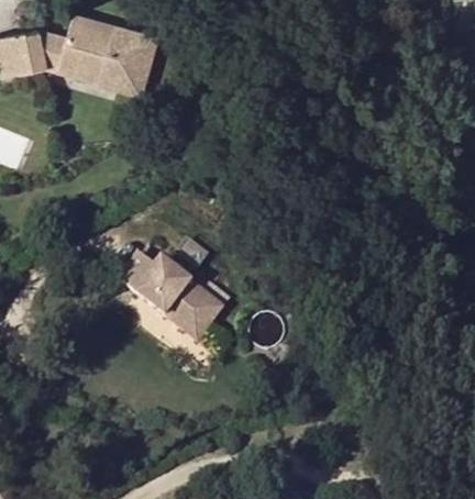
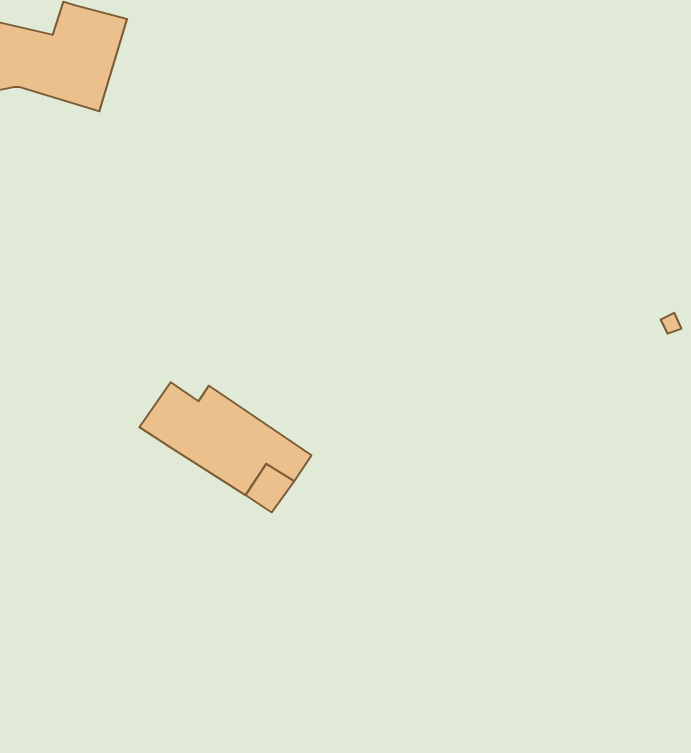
building: [96,26,157,99] -> none

